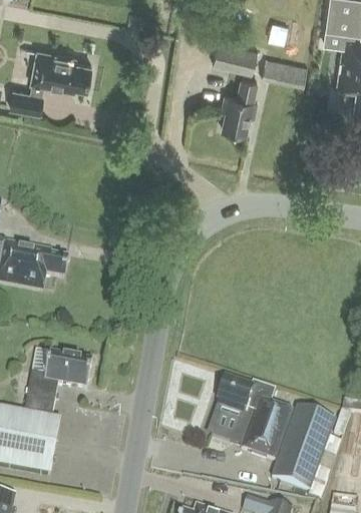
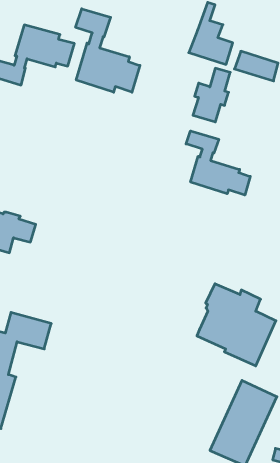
building: none -> [76,9,140,92]
building: none -> [186,131,250,195]
building: [211,377,292,459] -> [197,284,276,366]

